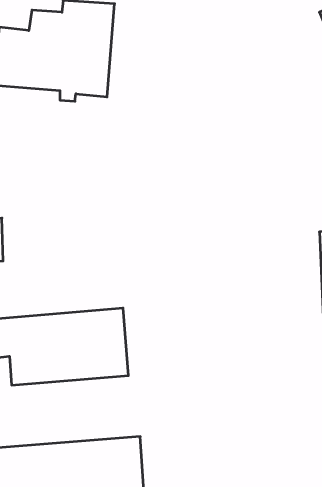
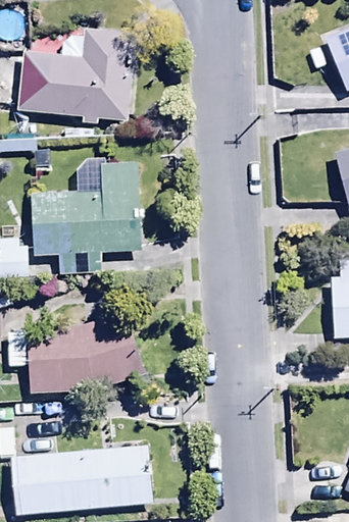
building: none -> [33,164,148,277]

